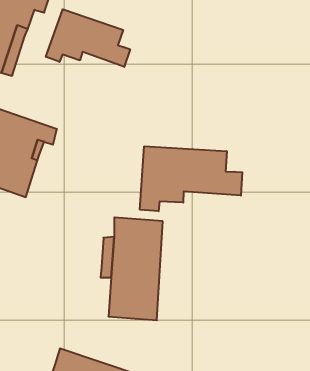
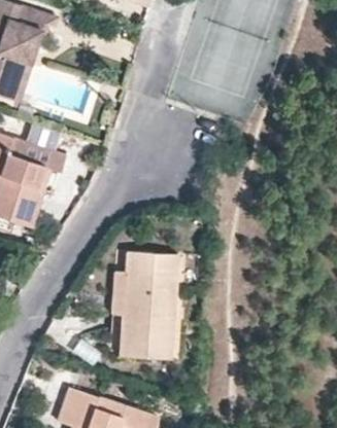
building: [46,9,130,67] -> none
building: [140,146,242,211] -> none

